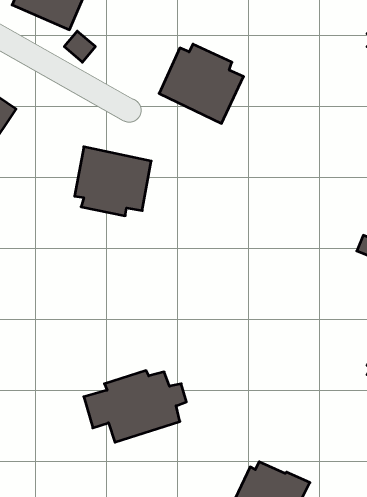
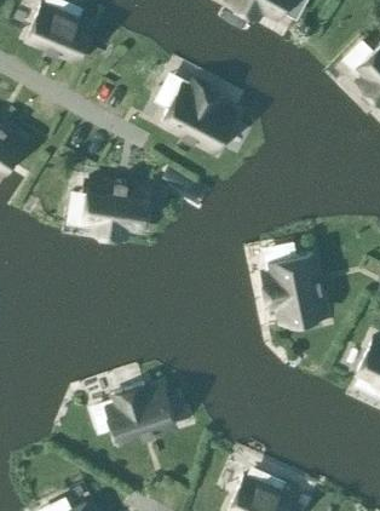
building: none -> [261,241,332,326]

